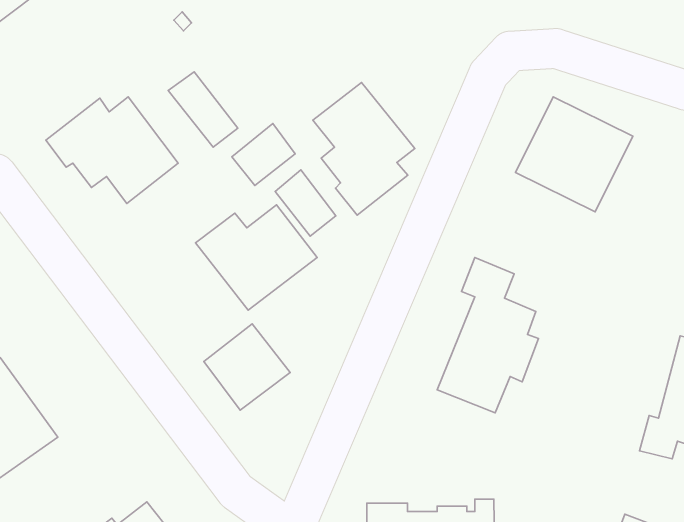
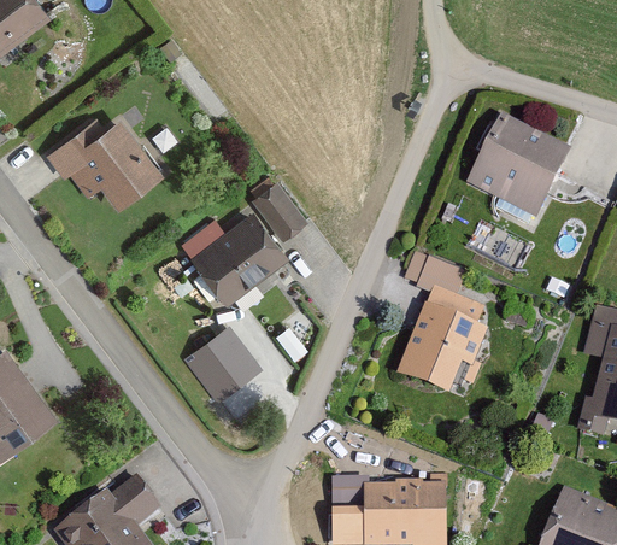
building: [168,72,238,147] -> none
building: [313,83,415,215] -> none
building: [232,123,295,186] -> none

